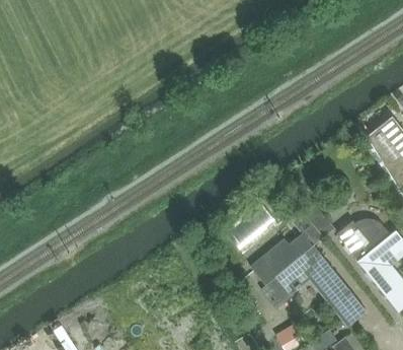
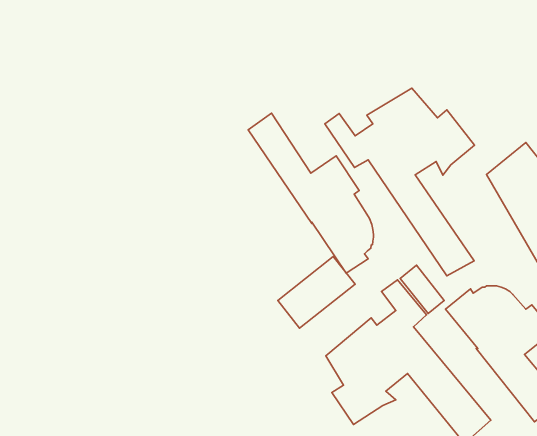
building: none -> [325,88,475,276]
building: none -> [248,113,374,273]

